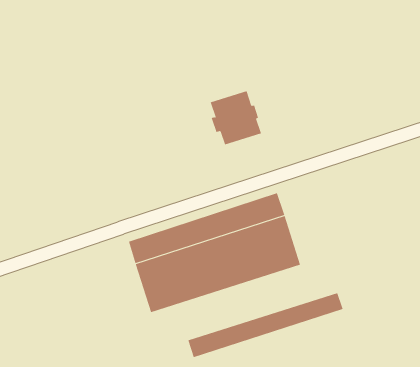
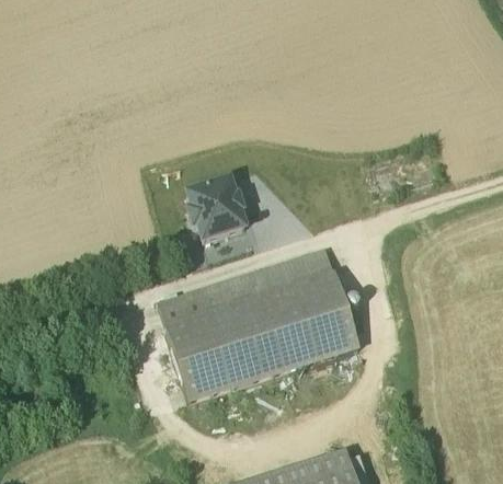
building: [210,91,262,145] -> [187,178,245,240]
building: [187,292,344,358] -> [183,329,358,402]

